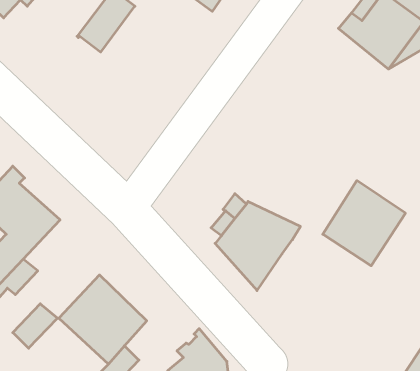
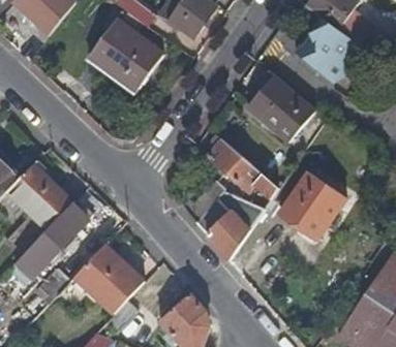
building: none -> [106,33,163,93]
building: none -> [247,74,315,141]
building: none -> [207,133,278,198]
building: none -> [45,194,93,248]

